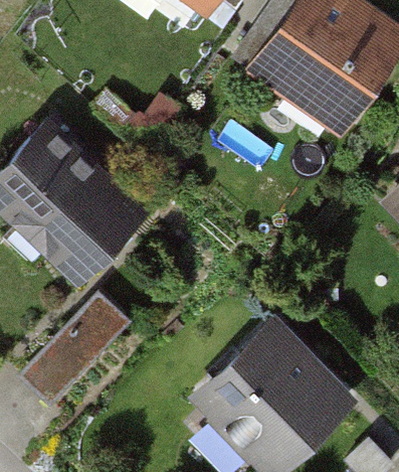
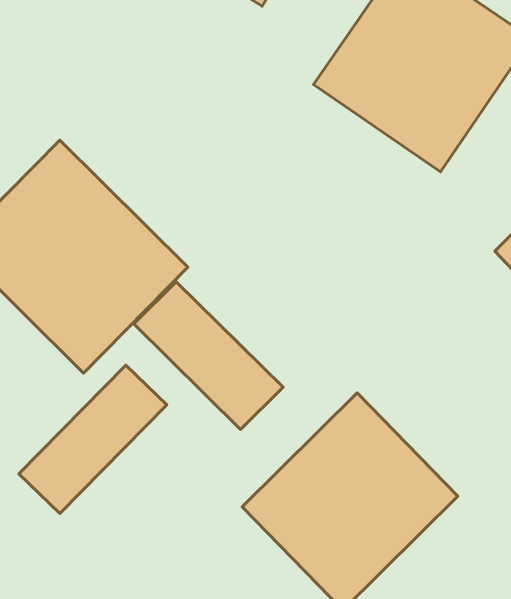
building: none -> [134,282,283,429]

